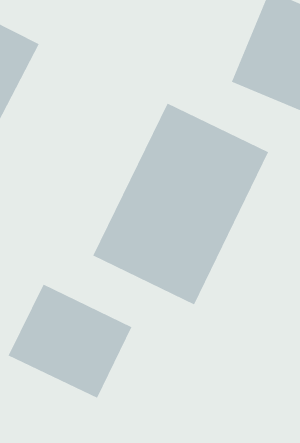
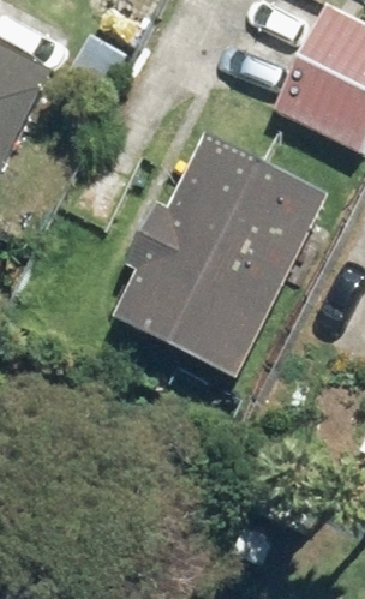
building: [7,283,133,399] -> none

